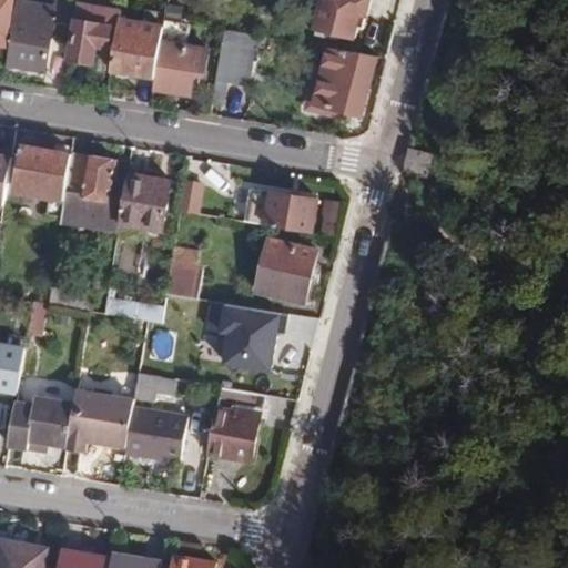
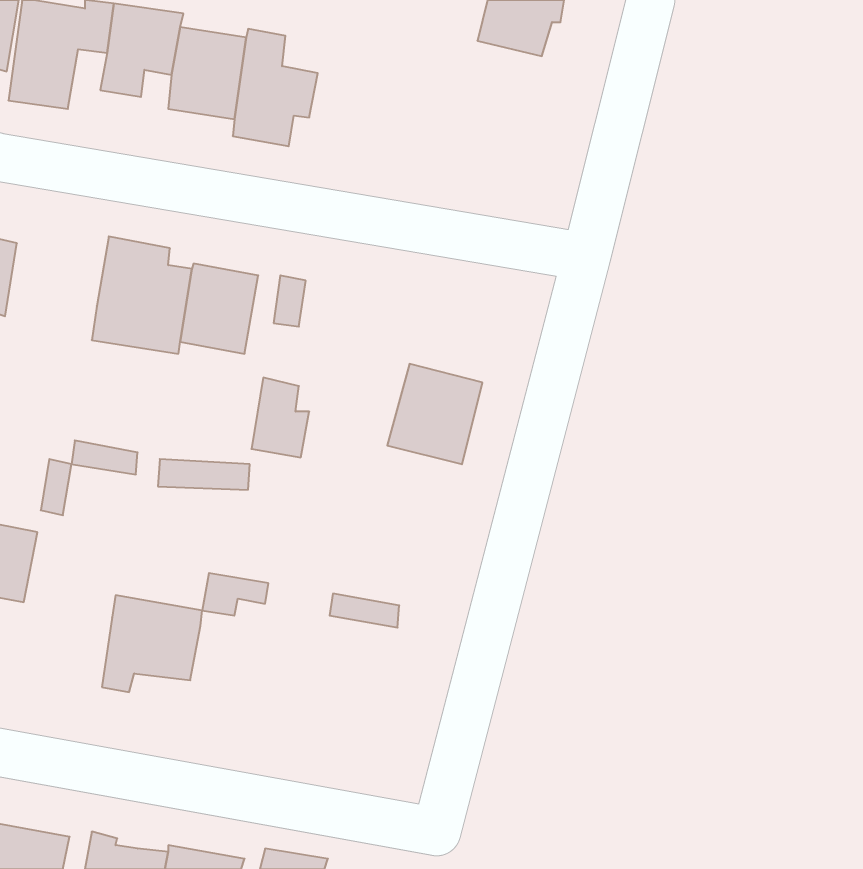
building: [214,29,253,85] -> none
building: [311,47,376,116] -> none
building: [14,145,71,200] -> none
building: [241,187,317,232] -> none
building: [200,300,281,374] -> none
building: [7,396,73,449] -> none
building: [206,407,258,462] -> none
building: [123,408,186,460] -> none

